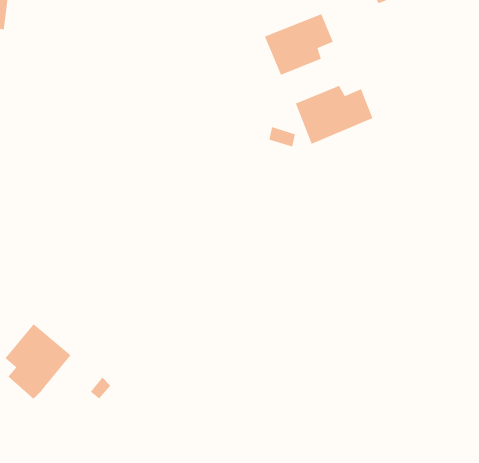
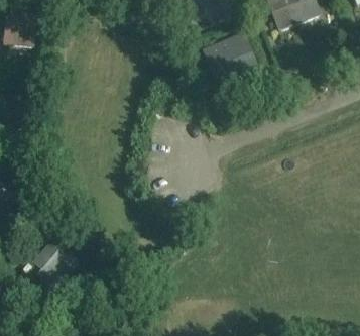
building: [295,85,373,145] -> none

